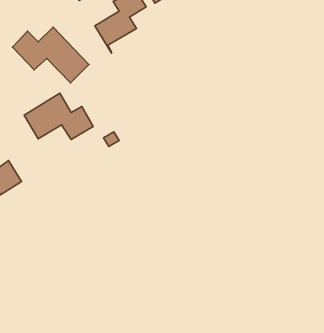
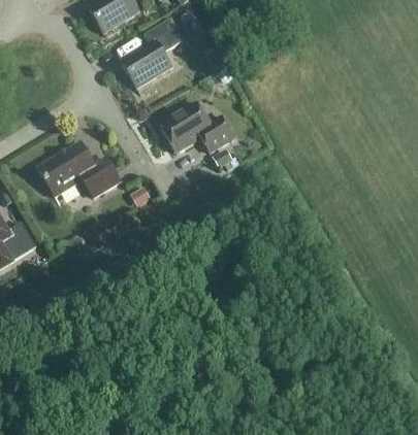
building: [12,27,89,83] -> none
building: none -> [160,102,235,153]

